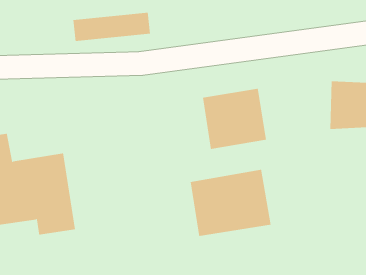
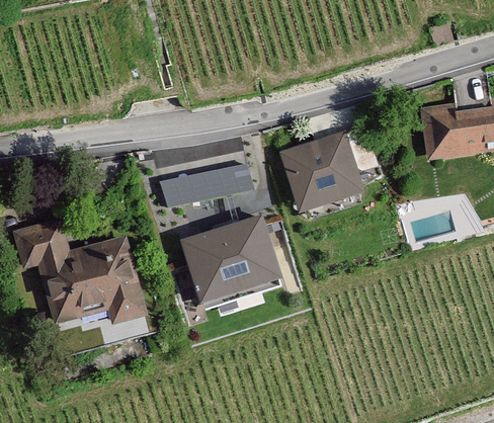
building: [73,12,151,42] -> [159,162,250,206]
building: [190,169,271,237] -> [179,215,278,301]

